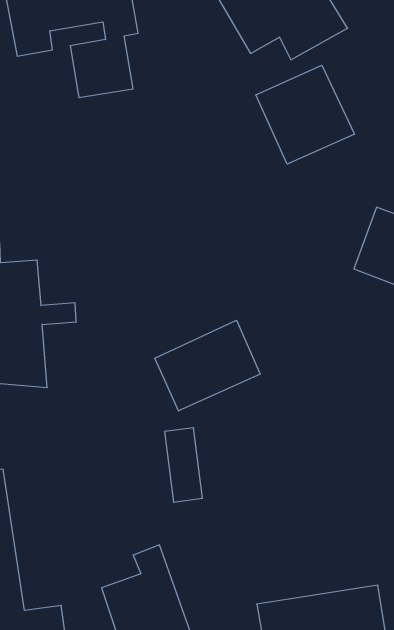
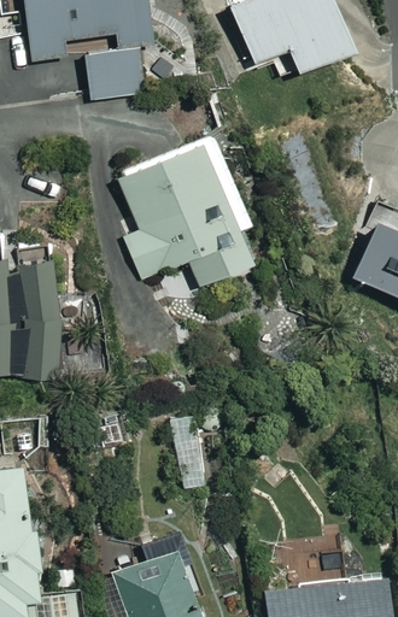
building: [256,65,354,164] -> none
building: none -> [117,135,250,284]
building: [155,320,260,411] -> none

